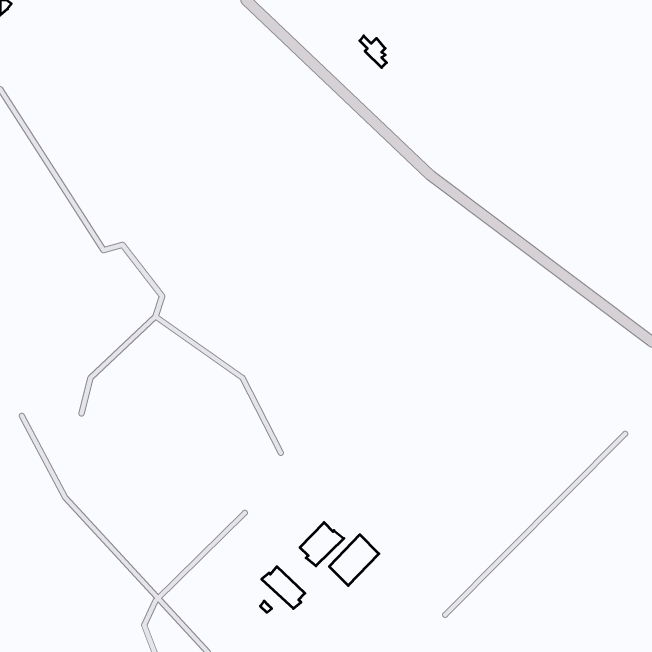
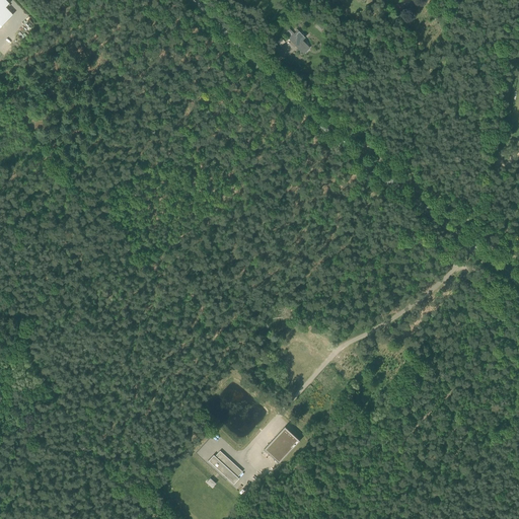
building: [300,522,344,566] -> none

